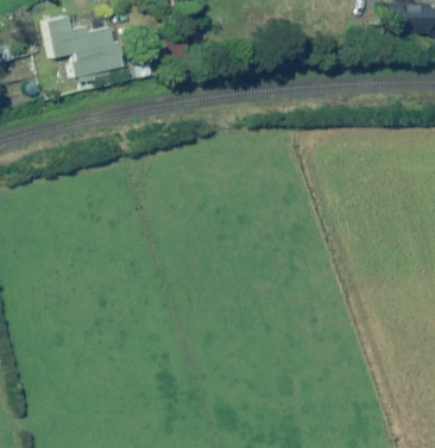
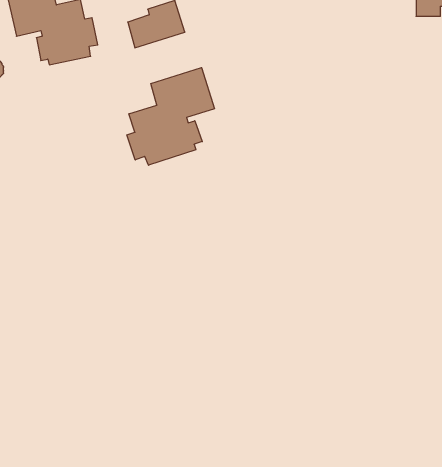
building: none -> [127,68,214,165]

